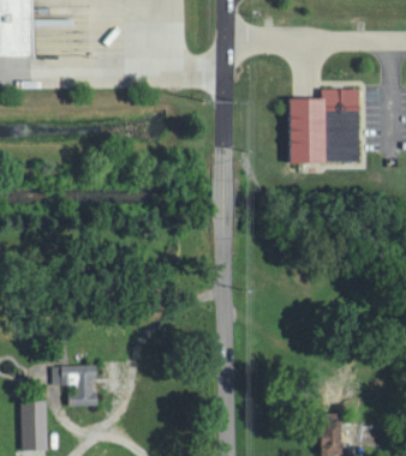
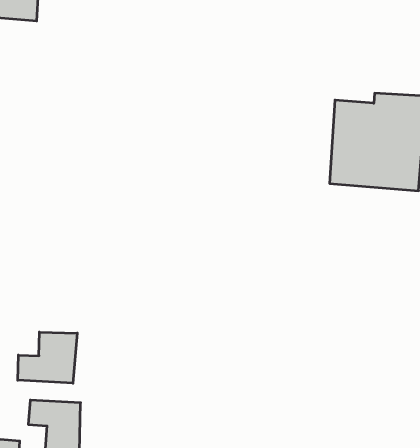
building: none -> [18,332,77,383]

